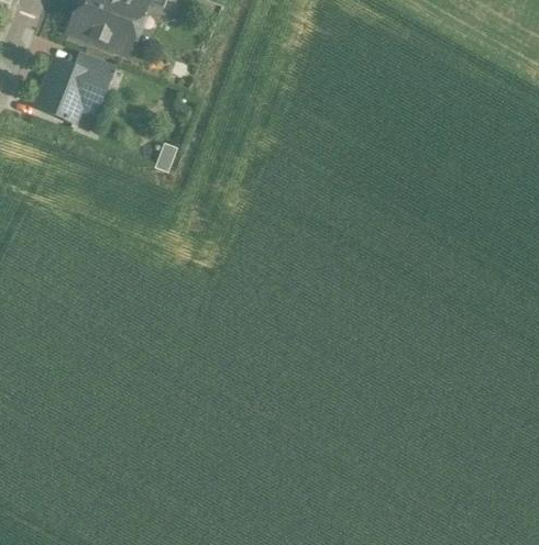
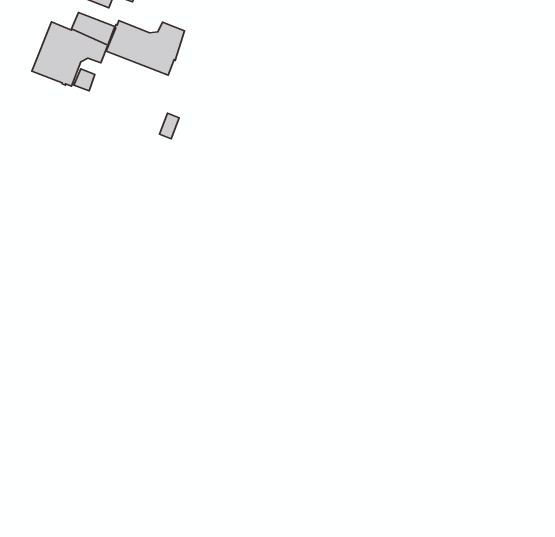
building: none -> [106,21,185,75]

